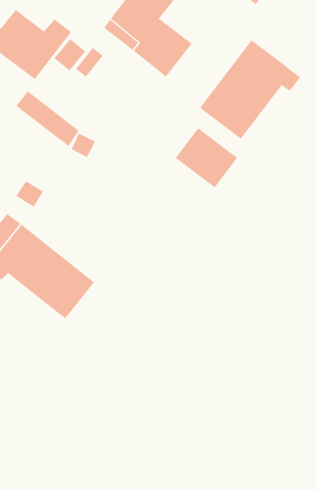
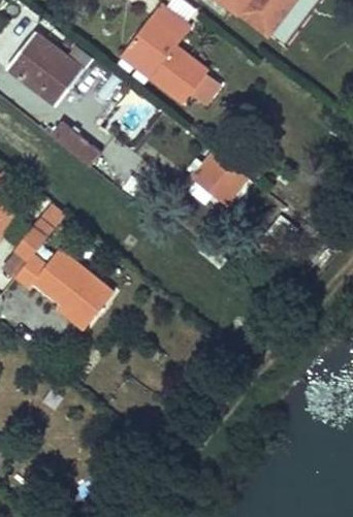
building: [199,39,301,140] -> none

